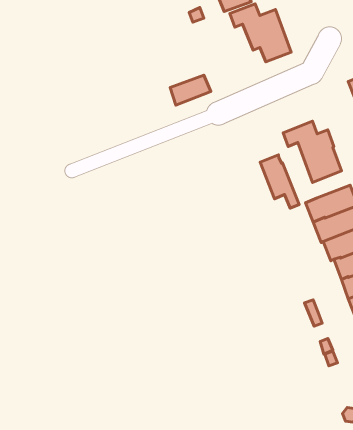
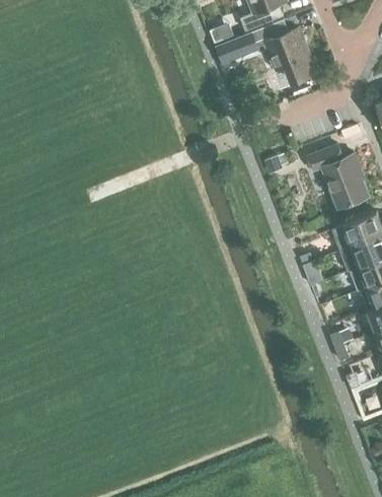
building: [170,75,211,105] -> [215,33,257,65]
building: [260,155,299,208] -> none

